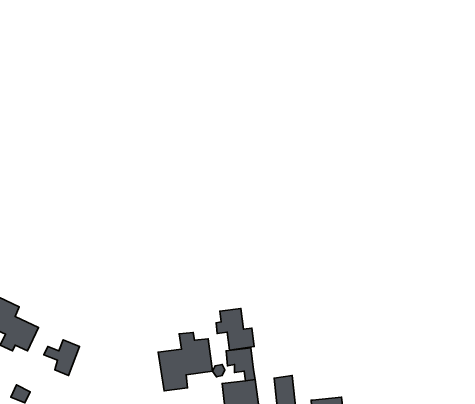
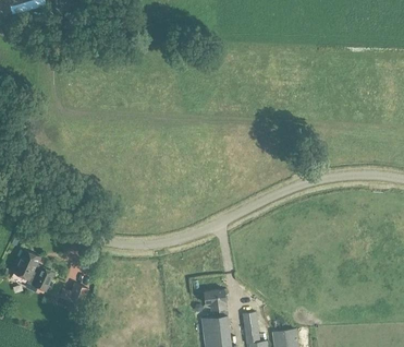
building: [216,308,254,350] -> none
building: [158,332,213,391] -> none

